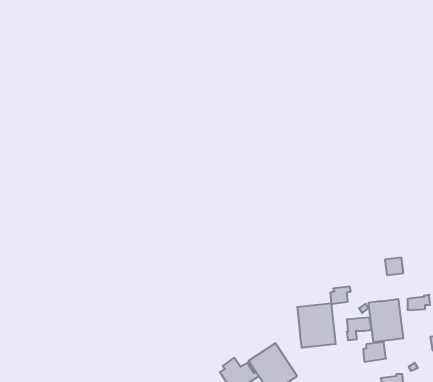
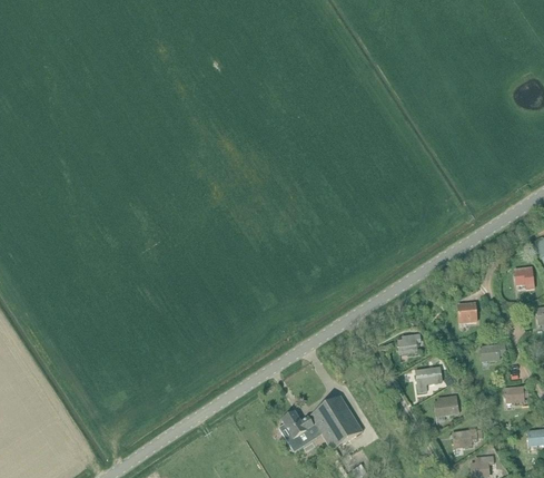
building: [369,299,403,342] -> none
building: [297,303,336,348] -> none

